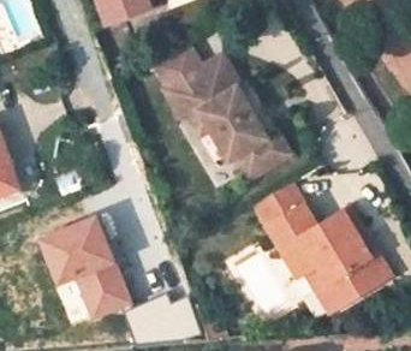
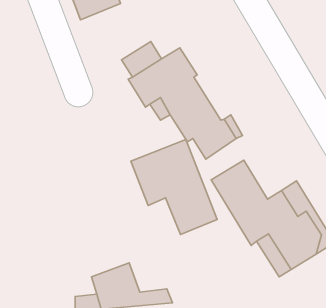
building: [36,212,132,317] -> [131,139,217,235]

